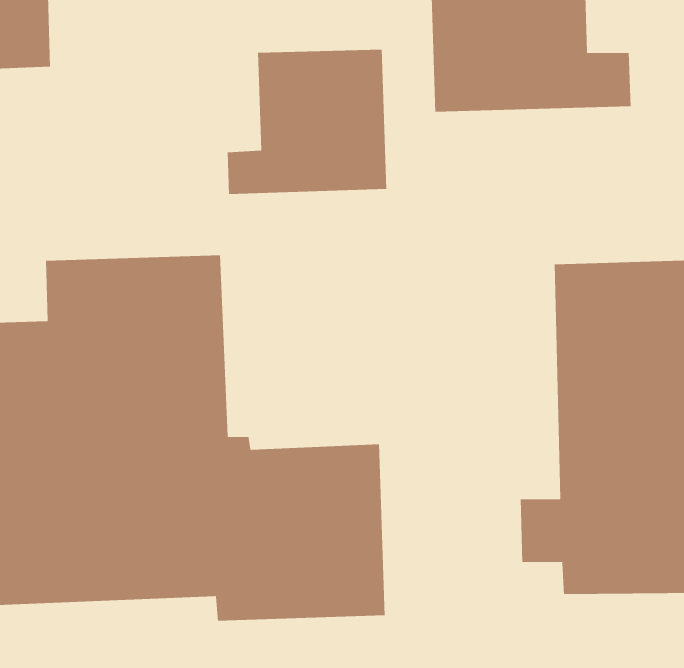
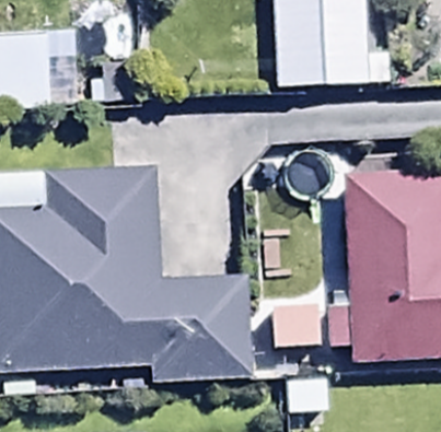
building: [227,49,387,195] -> none

